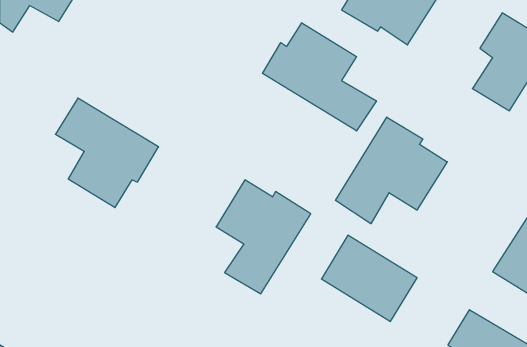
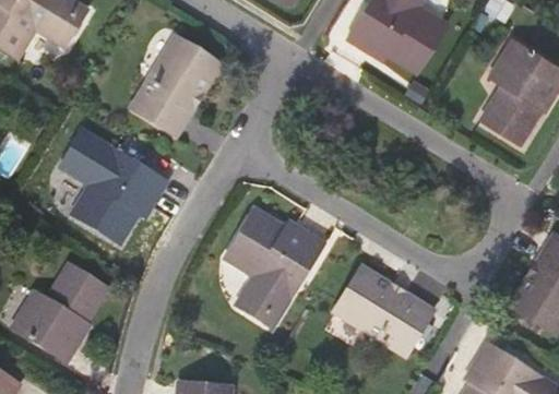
building: none -> [132,34,219,130]
building: [262,23,376,131] -> none
building: [335,117,447,224] -> none
building: none -> [12,262,108,358]

